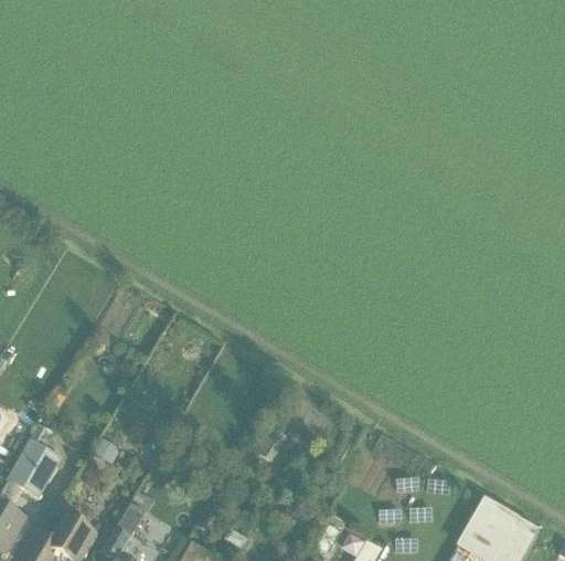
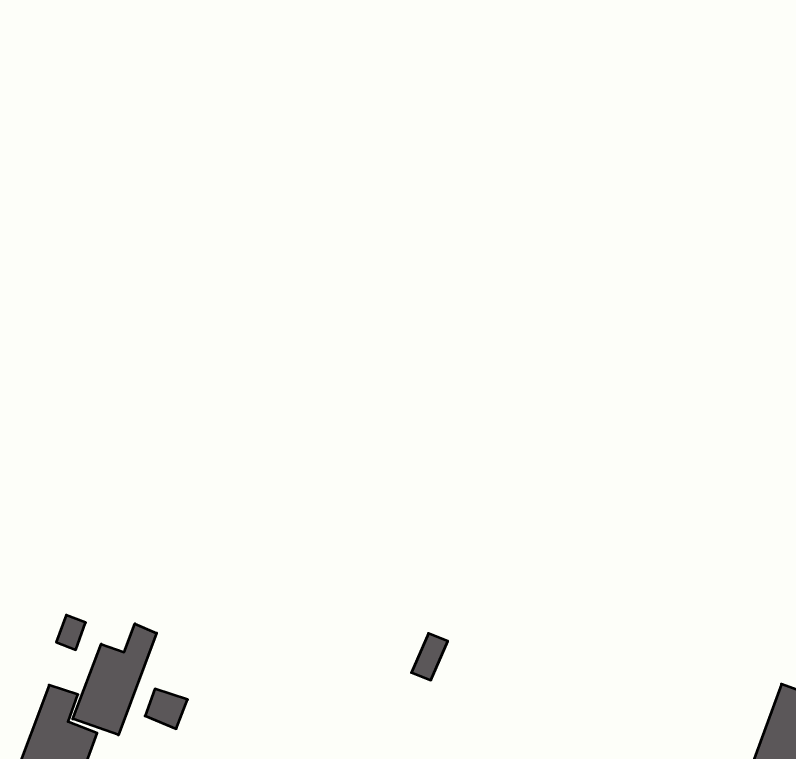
building: none -> [73,624,157,735]

